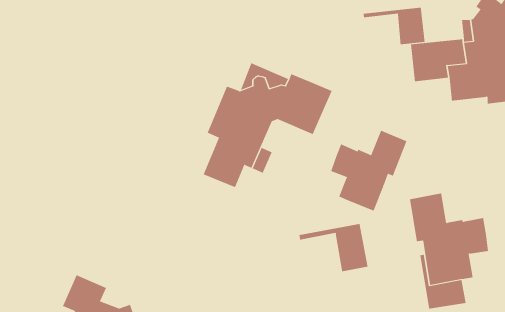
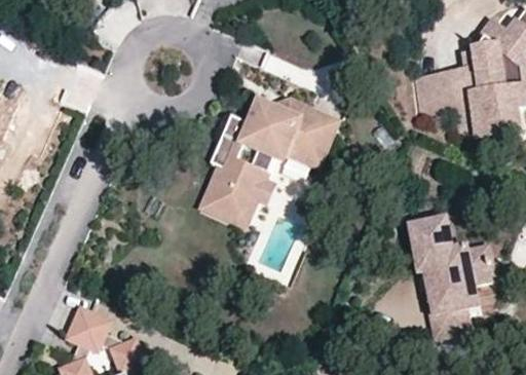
building: [363,7,425,45] -> none
building: [330,130,407,212] -> none
building: [299,223,368,272] -> none

